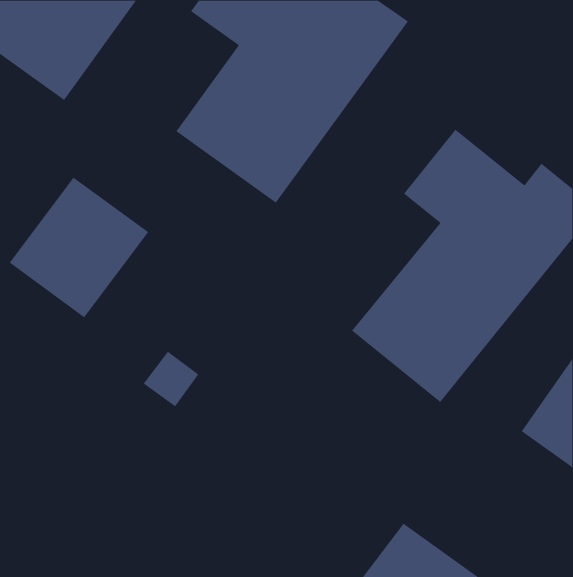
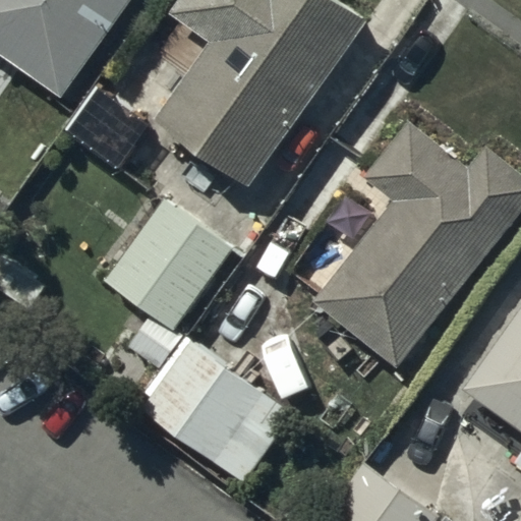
building: [9,177,149,318] -> [107,201,233,329]
building: none -> [141,344,289,482]

